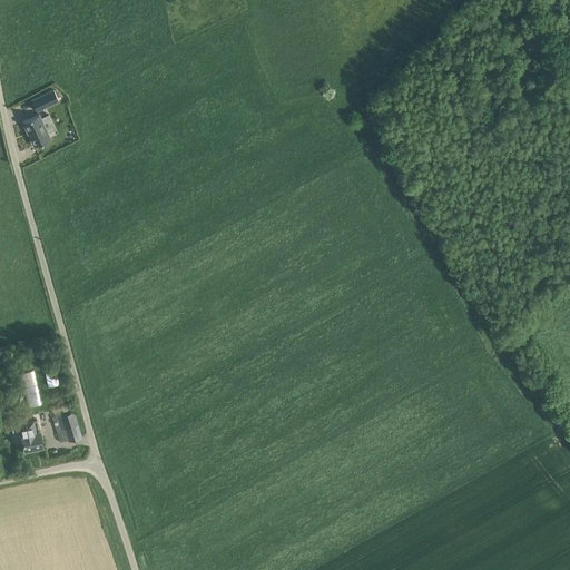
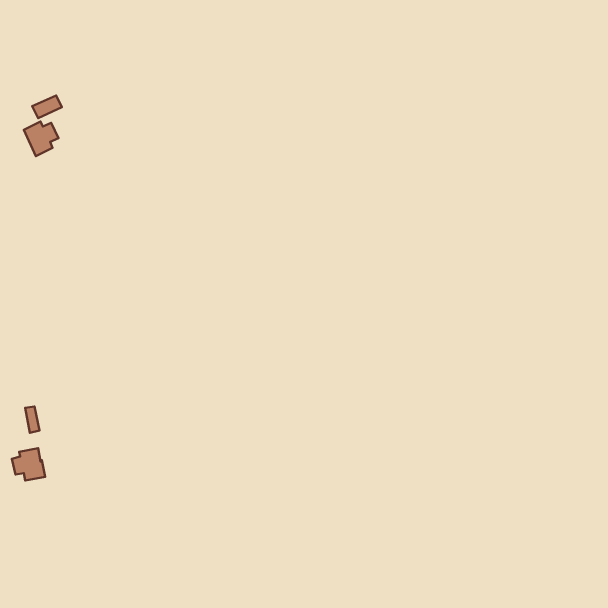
building: [51,412,80,442] -> none

